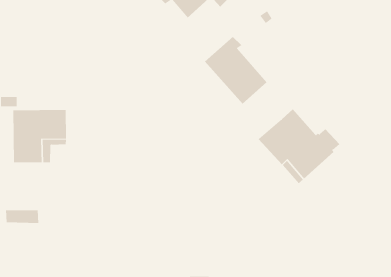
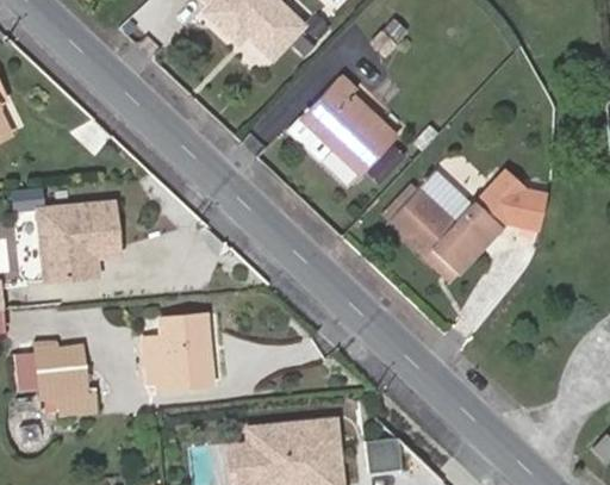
building: none -> [474,175,549,235]
building: none -> [145,313,213,386]
building: none -> [39,365,89,398]

